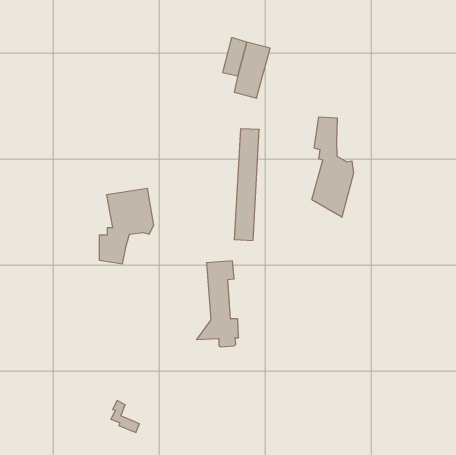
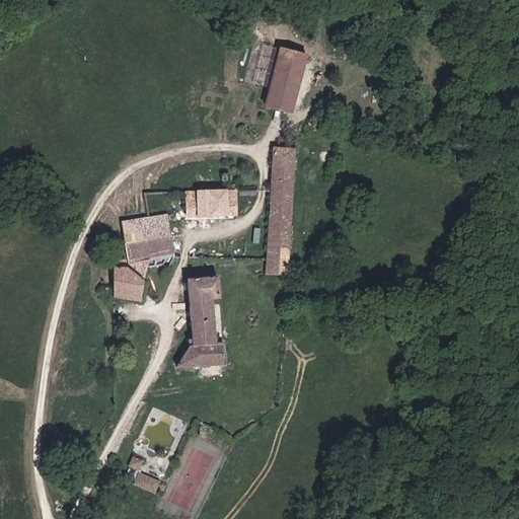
building: [312,117,354,217] -> none
building: none -> [187,189,237,215]
building: [197,261,239,347] -> [177,276,225,373]

